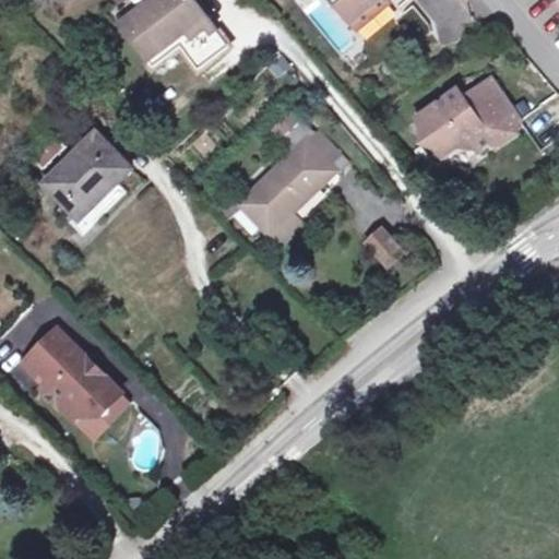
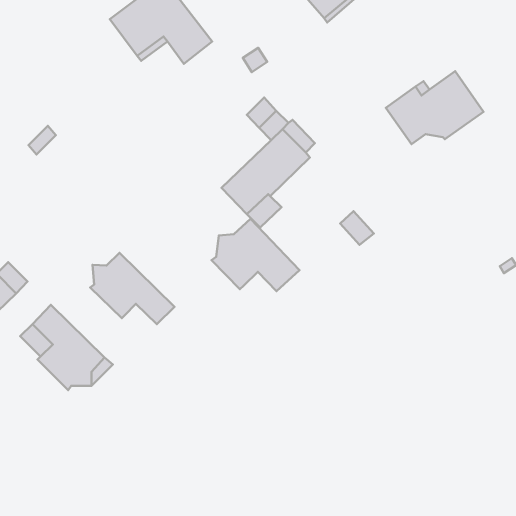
building: [43,131,128,234] -> none
building: none -> [212,219,299,291]
building: none -> [90,253,174,324]

